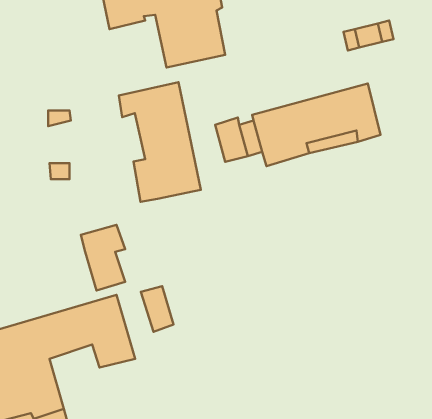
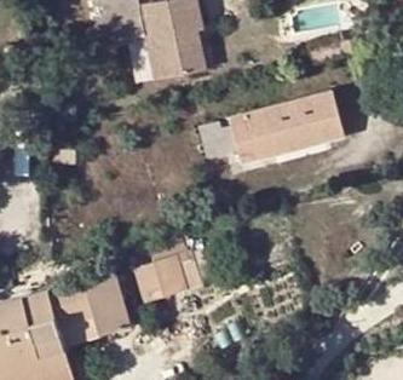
building: [119,82,201,202] -> none
building: [81,225,125,291] -> [150,242,188,298]

